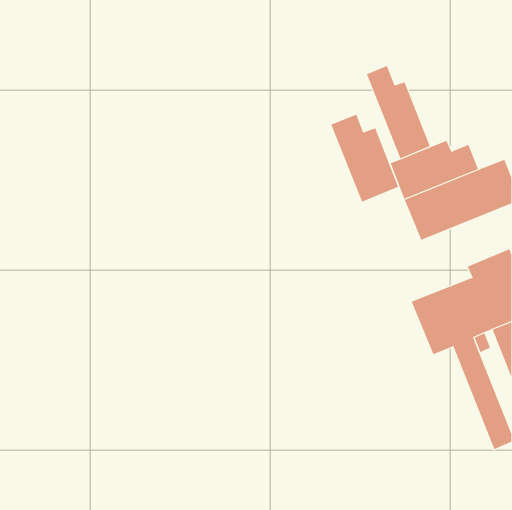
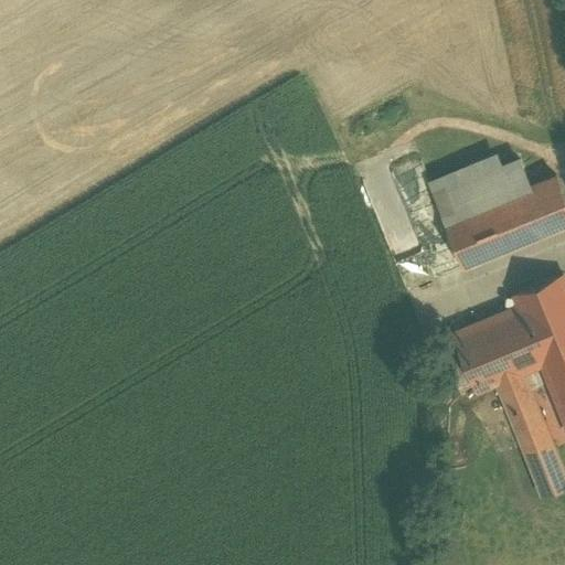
building: [366,65,431,159] -> none
building: [330,114,399,202] -> none

